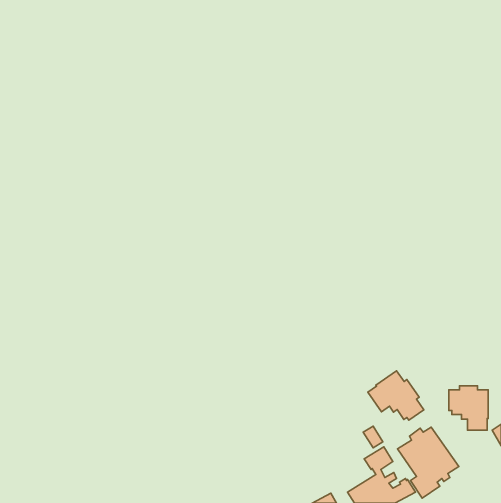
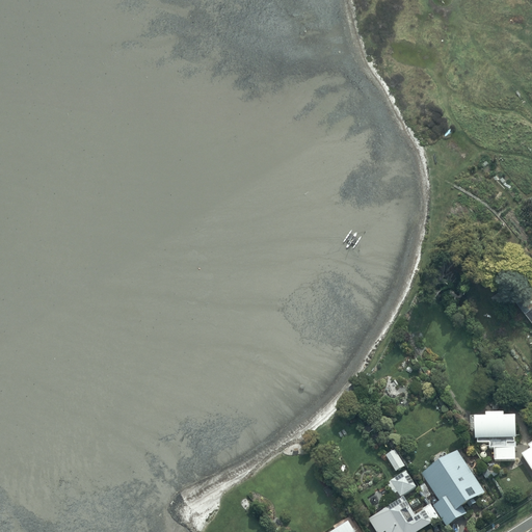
building: [368,371,424,420] -> none

